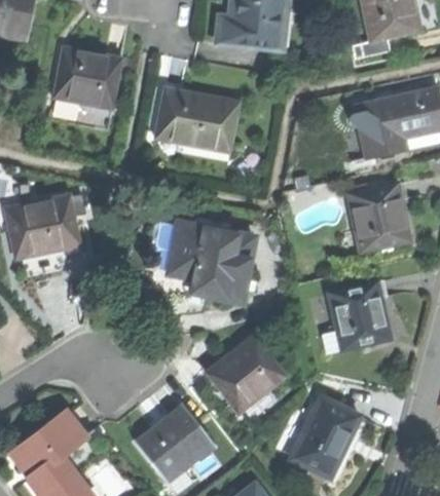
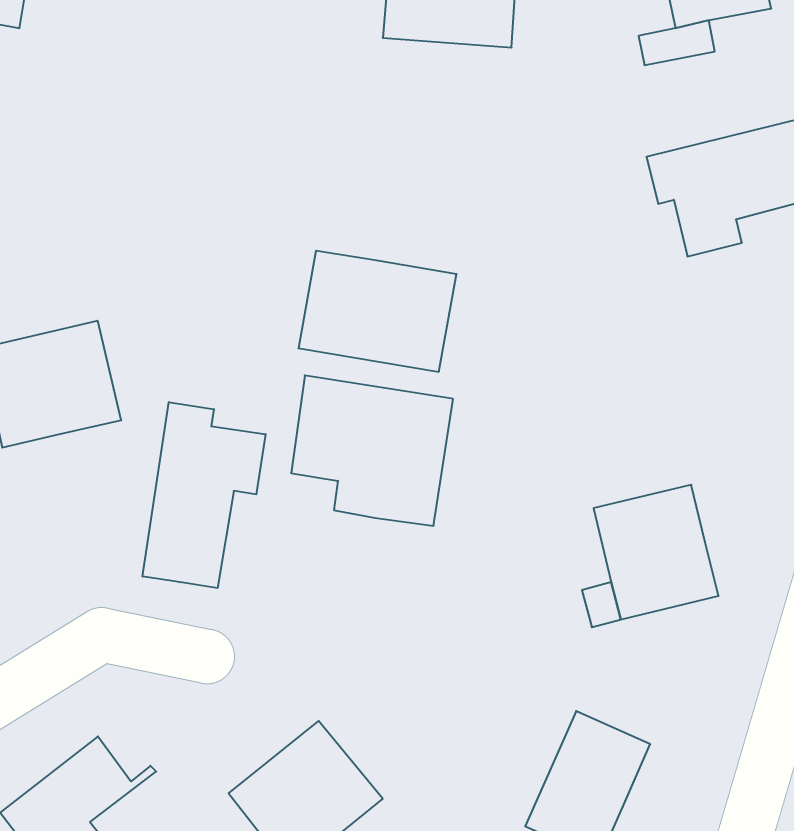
building: [53,47,121,109] -> none
building: [154,89,237,153] -> [298,251,457,372]
building: [349,183,411,253] -> none
building: none -> [143,402,266,588]
building: [207,335,285,412] -> none

